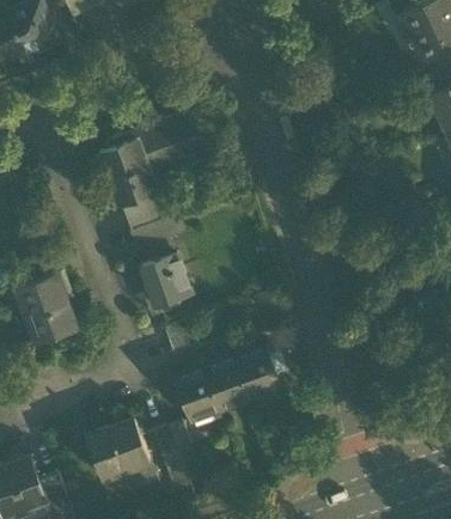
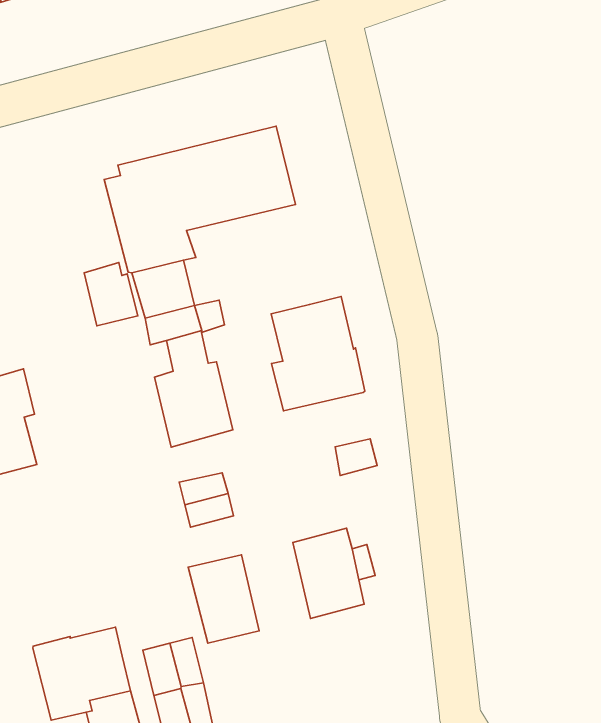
building: none -> [84,262,138,326]
building: none -> [271,297,365,411]
building: [206,360,251,415] -> none

